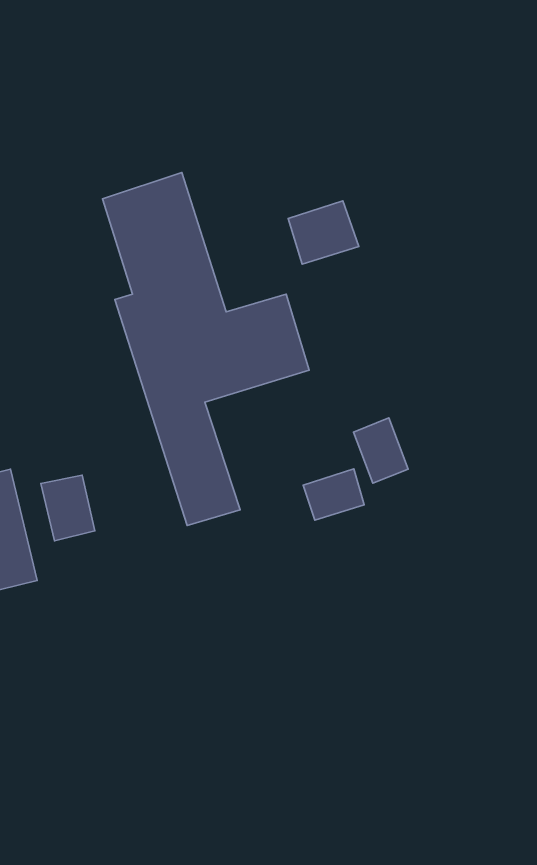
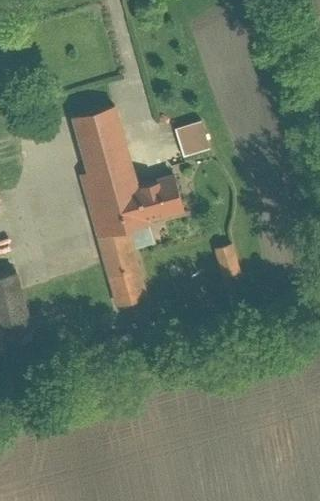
building: [303,469,364,520] -> none
building: [41,475,95,541] -> none

